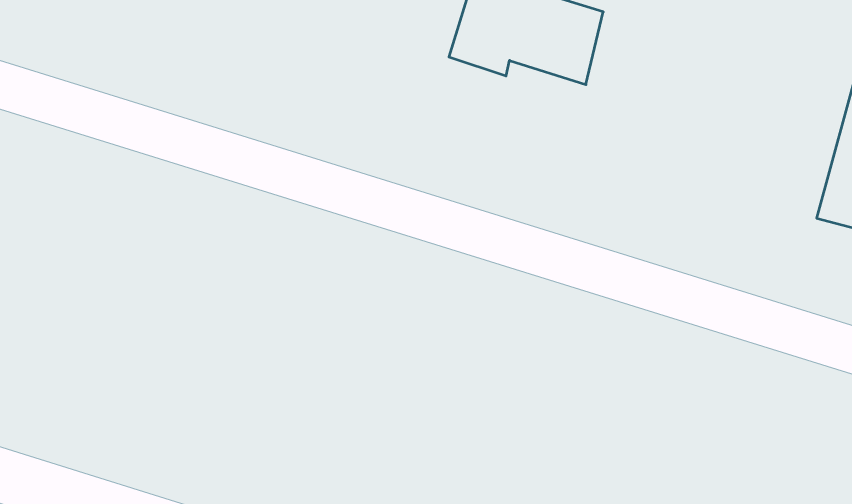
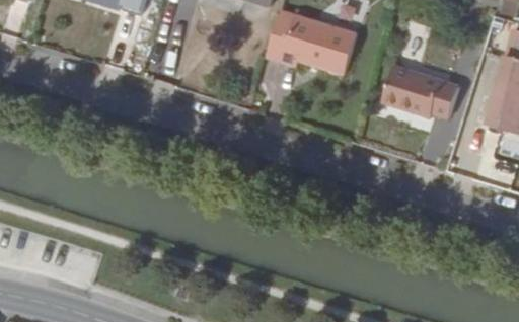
building: none -> [385,64,459,117]

